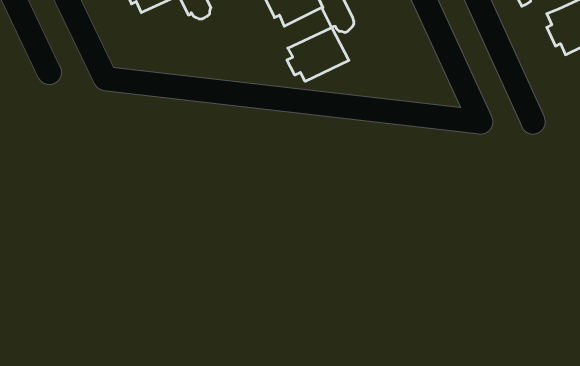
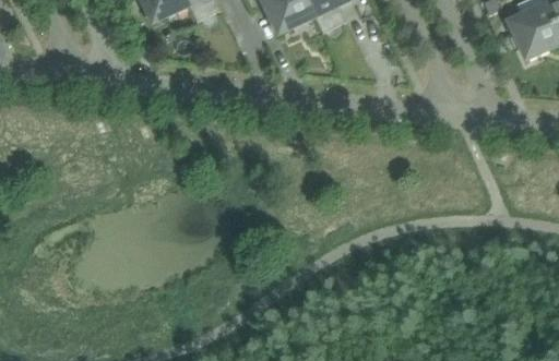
building: [287,27,349,81] -> none

